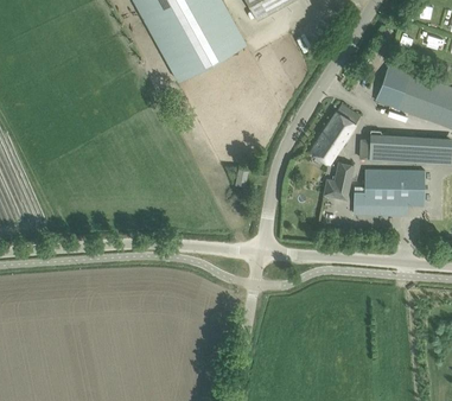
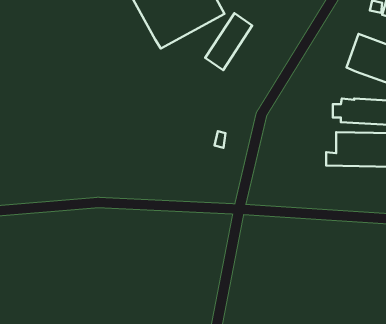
building: [308,104,358,165] -> [205,13,252,70]
building: [322,161,352,198] -> none

